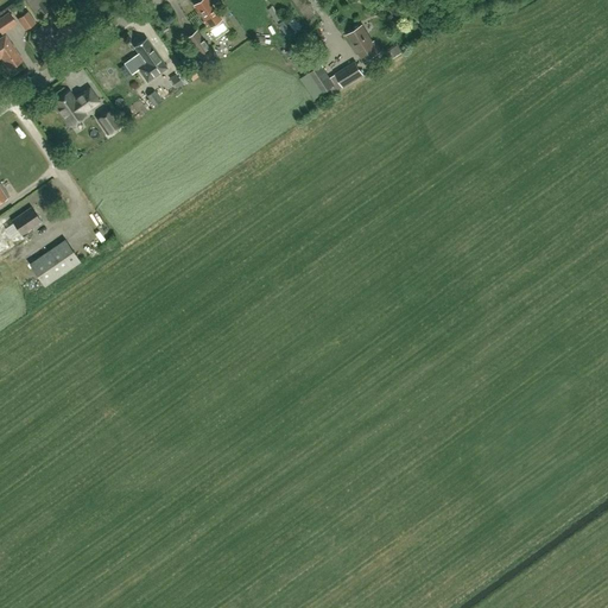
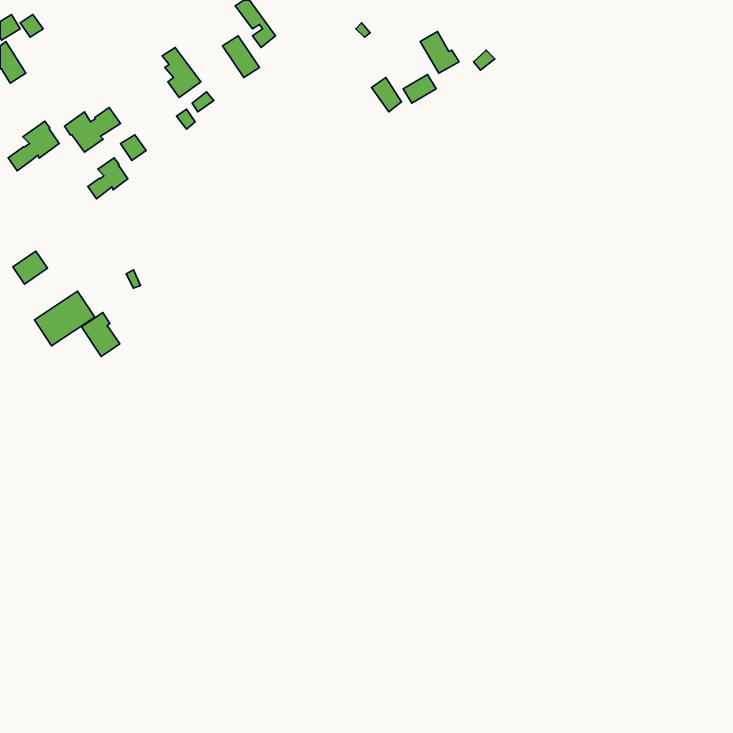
building: none -> [8,121,59,171]
building: none -> [88,158,128,199]
building: none -> [82,312,120,356]

